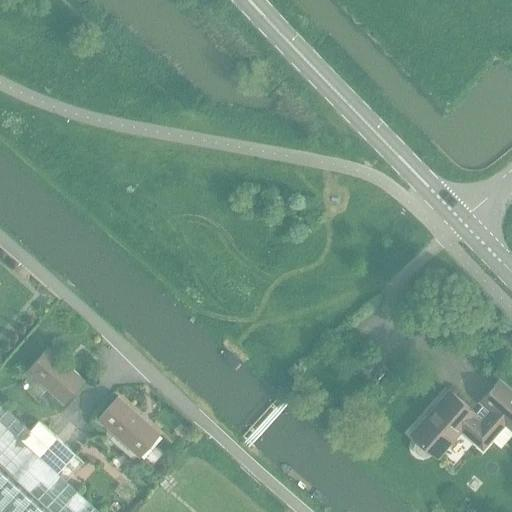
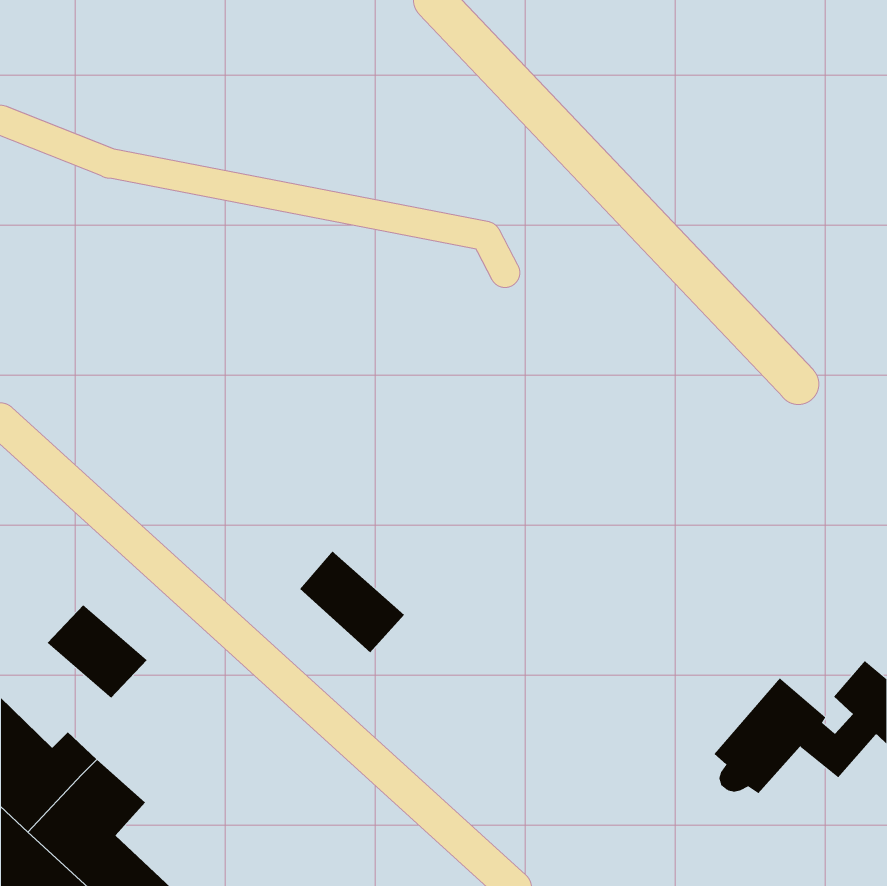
building: [98,398,159,457] -> [299,551,405,653]

